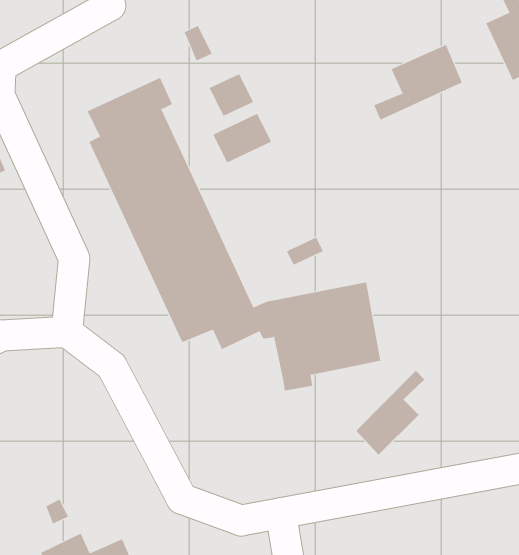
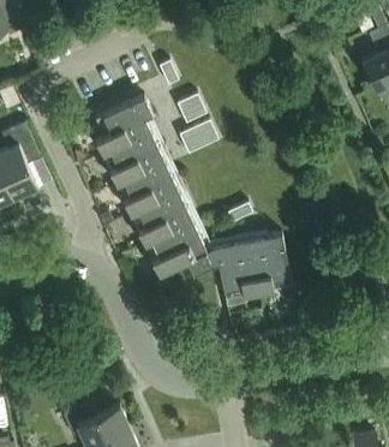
building: [374,44,462,120] -> none
building: [355,370,425,455] -> none

